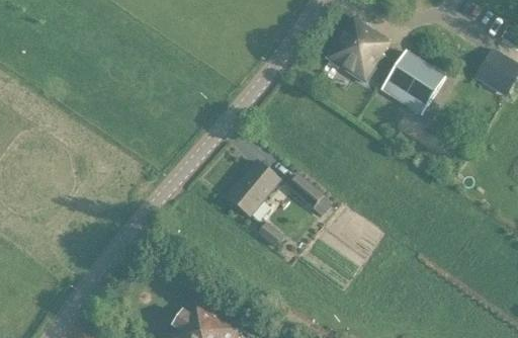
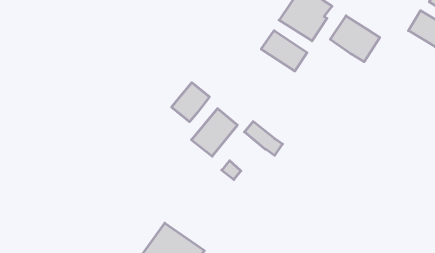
building: none -> [261,31,307,71]
building: none -> [172,83,209,122]

